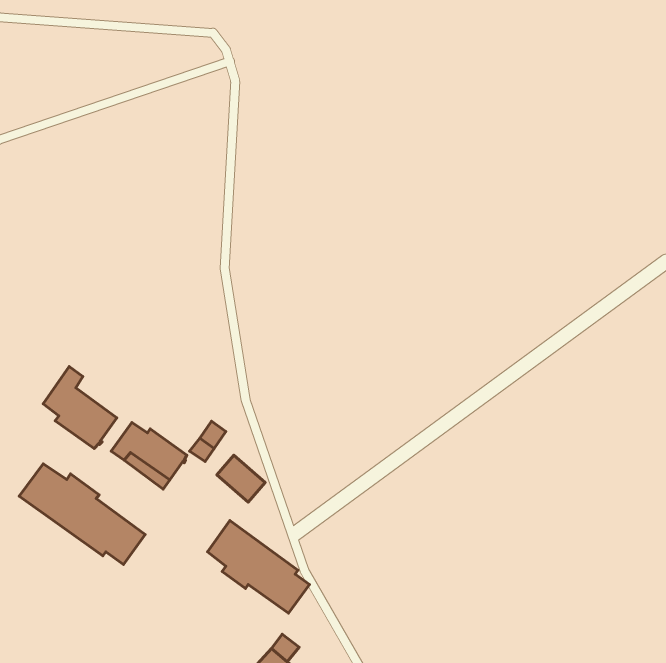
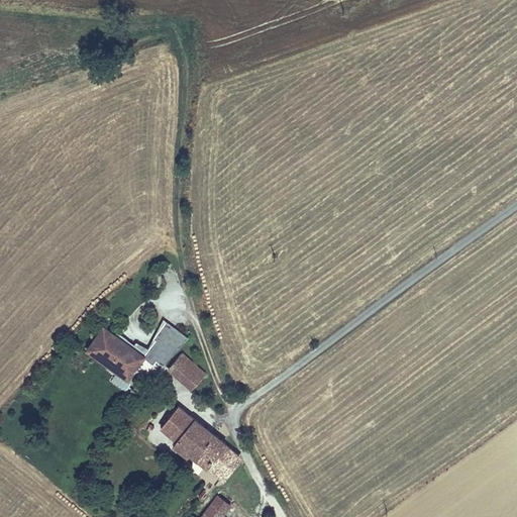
building: [43,367,117,449] -> none
building: [19,464,145,565] -> none

